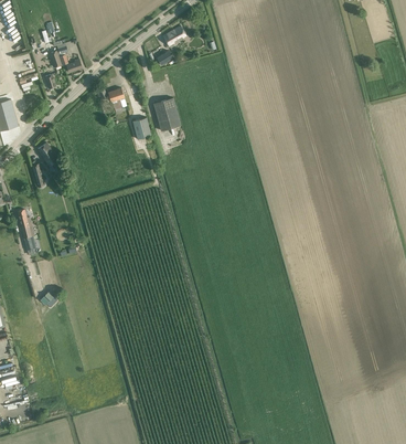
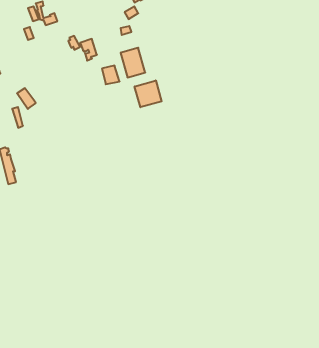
building: none -> [135,80,162,107]

